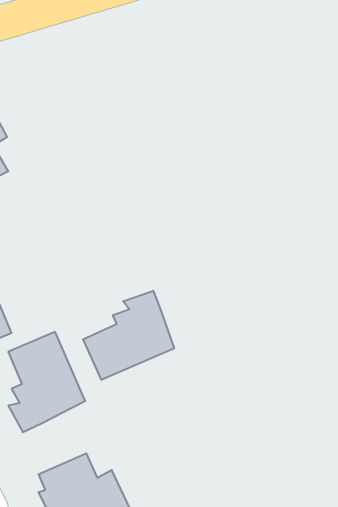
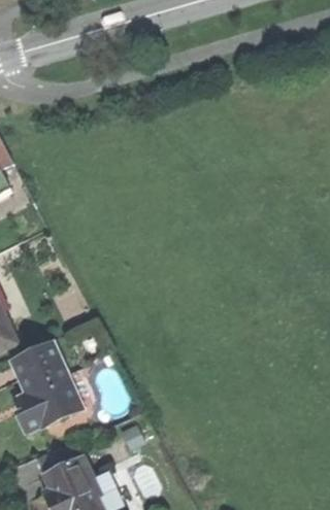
building: [83,291,174,380] -> none

